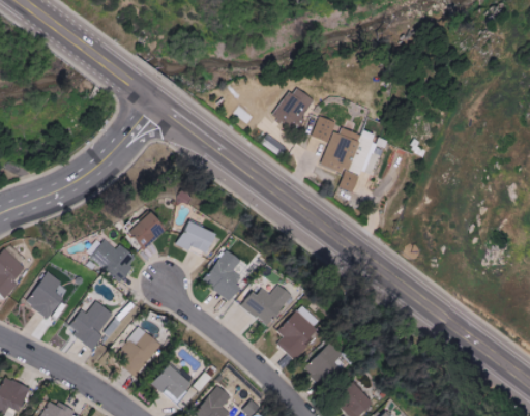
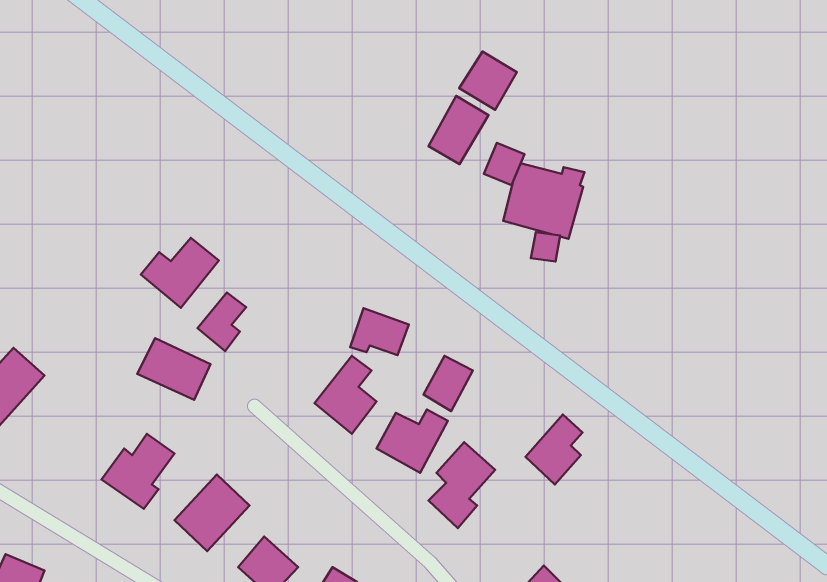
building: none -> [459,52,517,110]
building: none -> [141,238,219,308]
building: [178,221,215,251] -> [350,308,409,355]
building: none -> [424,356,473,411]
building: [25,271,63,319] -> none
building: [304,341,341,386] -> [525,415,582,485]

